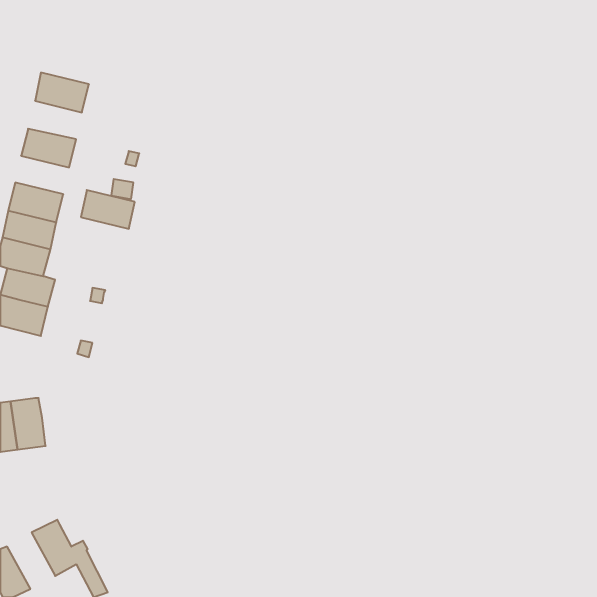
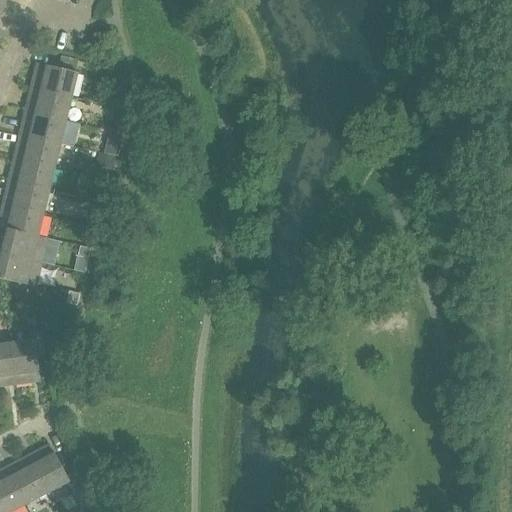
building: none -> [25,86,71,119]
building: [81,190,135,229] -> [14,133,60,166]
building: none -> [7,455,48,503]

